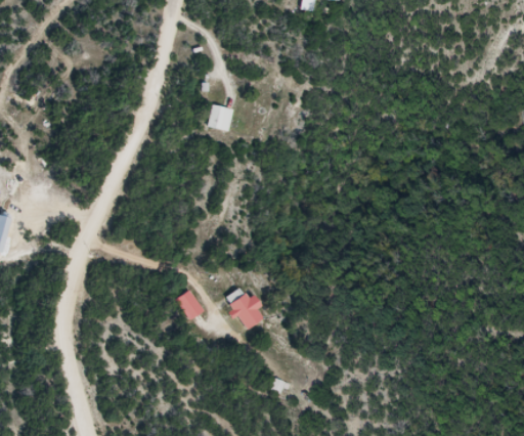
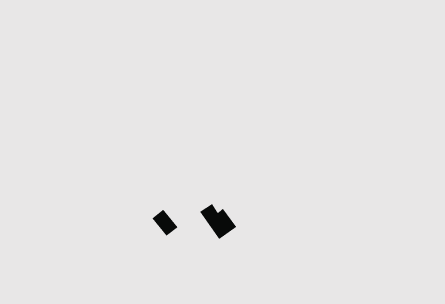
building: [207,104,232,131] -> none

